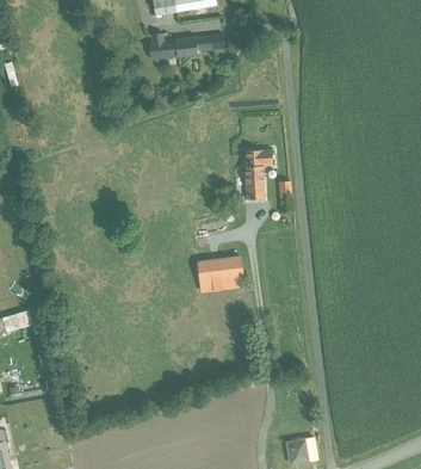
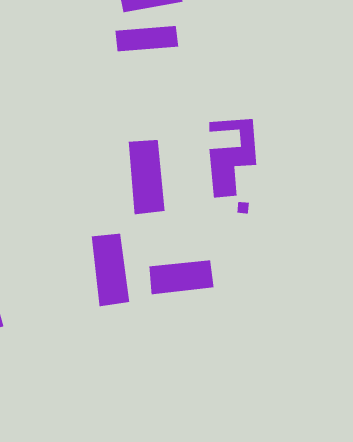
building: none -> [128,139,166,215]
building: none -> [91,233,130,307]

